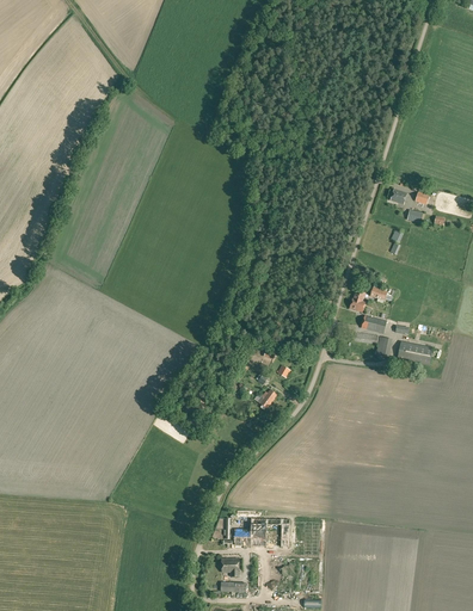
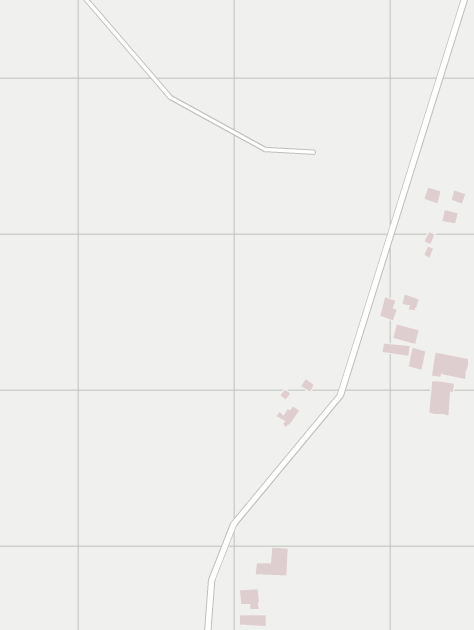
building: none -> [429,380,455,416]

